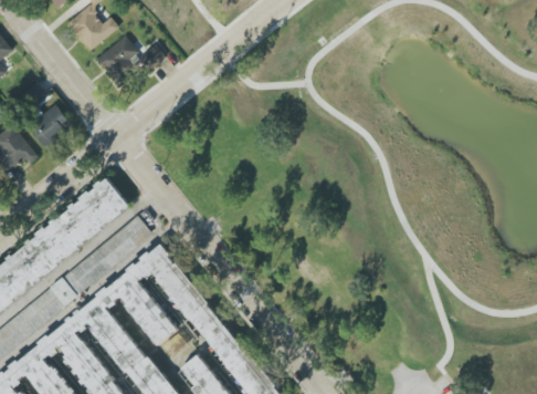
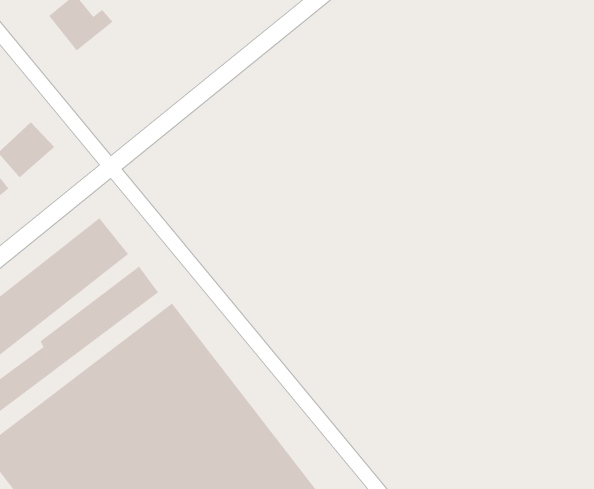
building: [94,34,164,84] -> none

